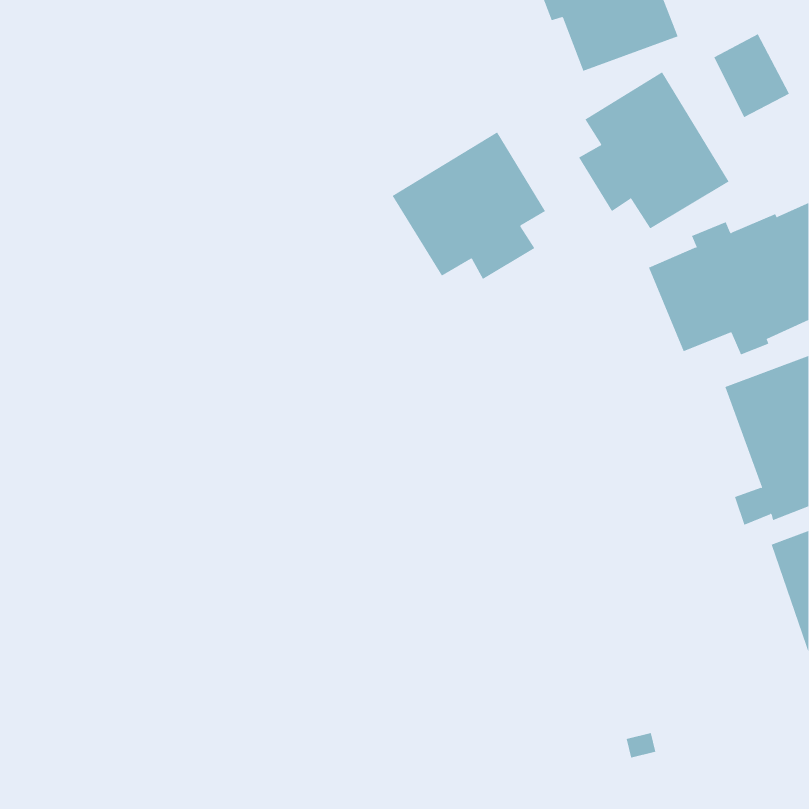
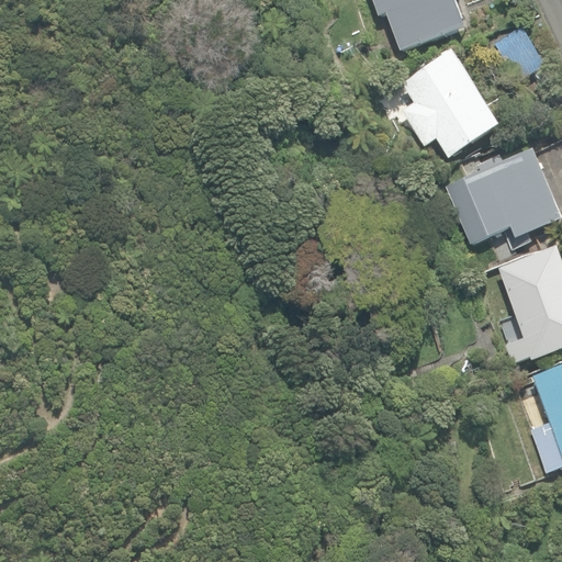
building: [392,132,546,280] -> none

